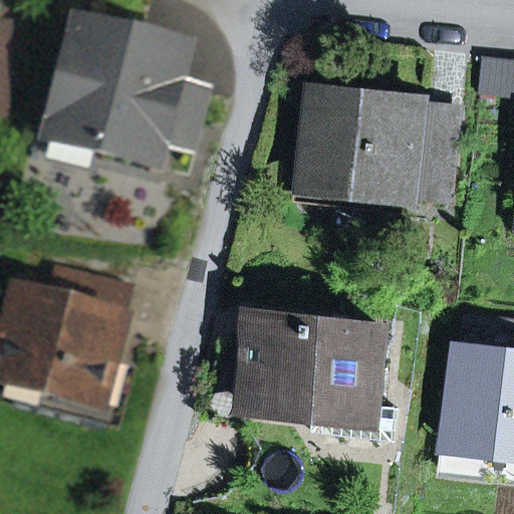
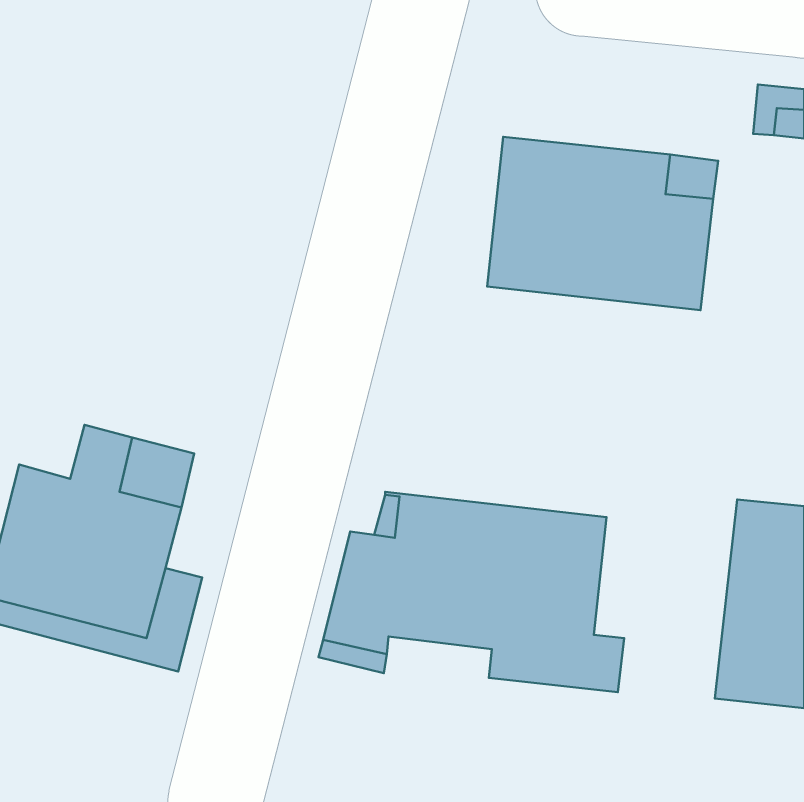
building: [46,21,203,162] -> none

